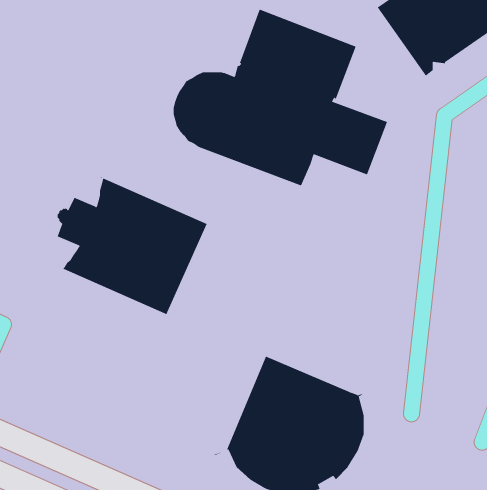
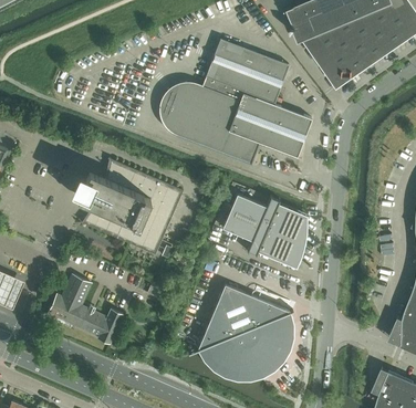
building: none -> [221,195,306,270]
building: none -> [48,275,122,344]

